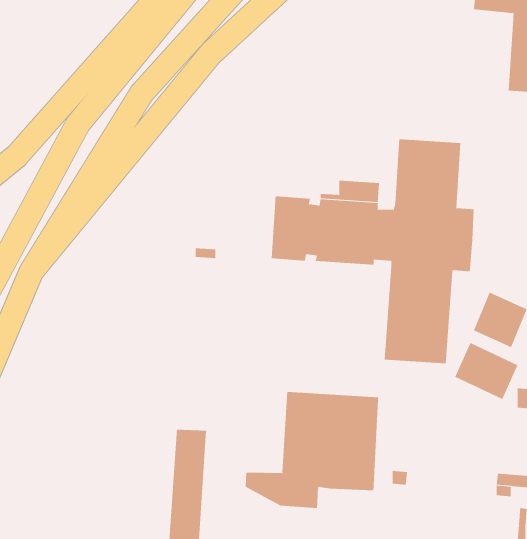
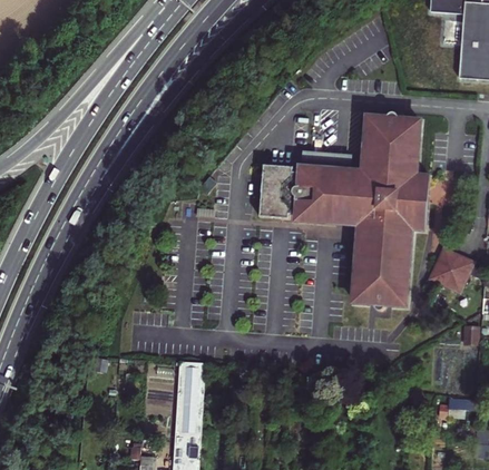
building: [454,342,518,400] -> none
building: [245,391,379,509] -> none

